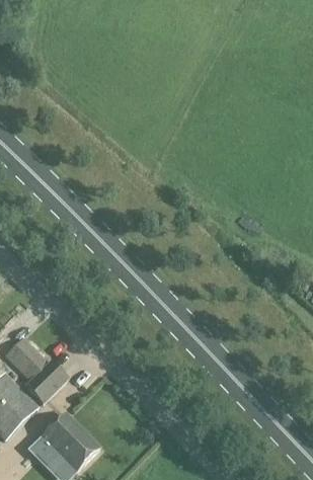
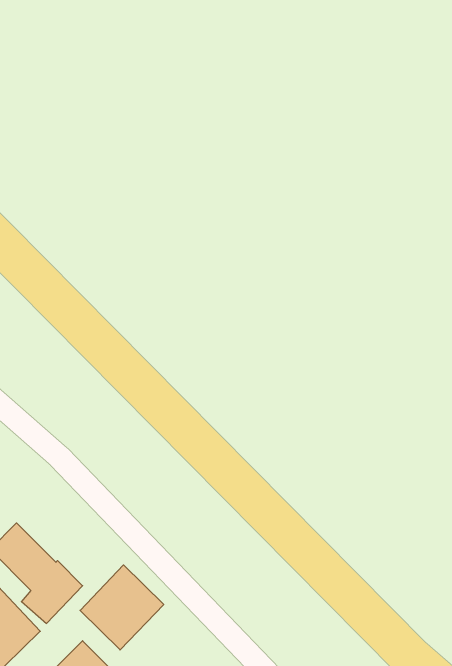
building: none -> [80,565,164,650]

